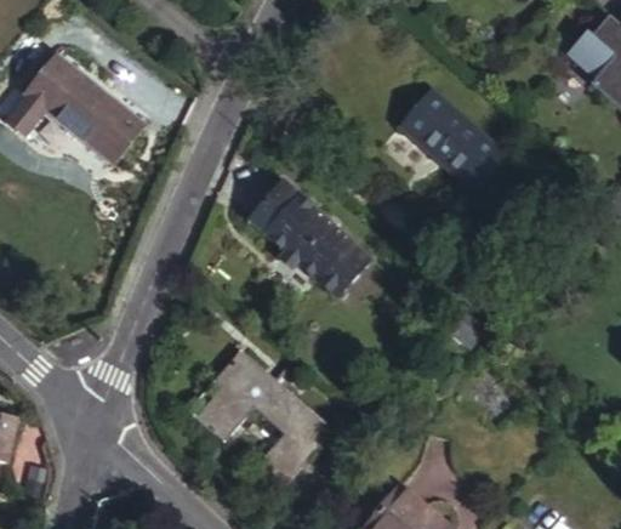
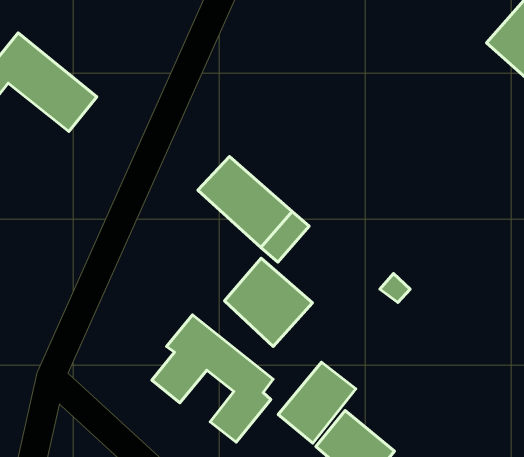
building: [403,79,511,180] -> none
building: none -> [224,258,312,346]
building: none -> [278,362,356,443]

